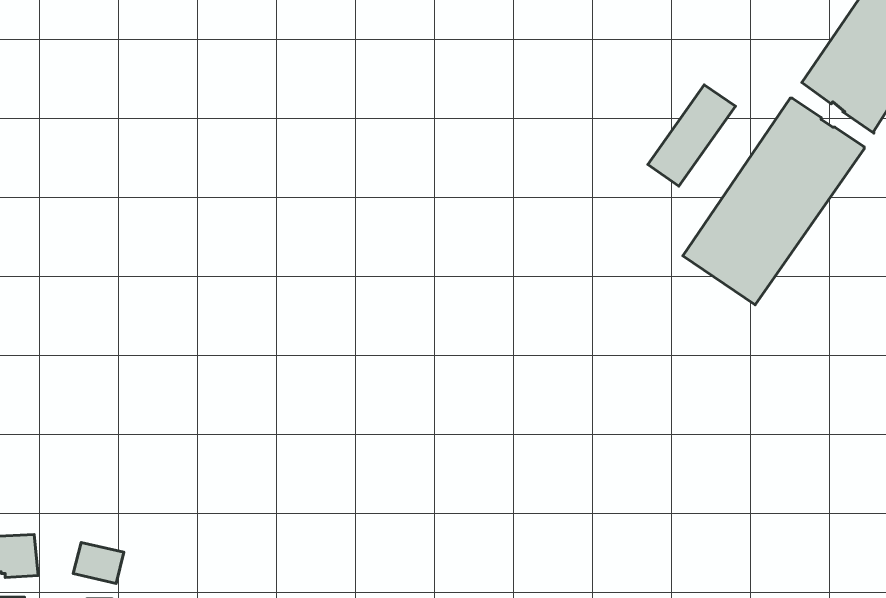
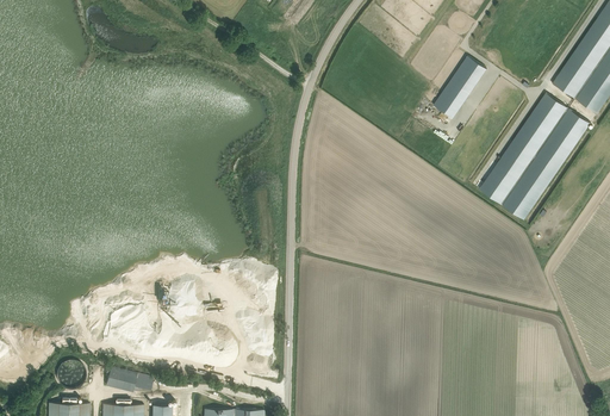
building: [648,85,735,186] -> [434,56,487,118]

